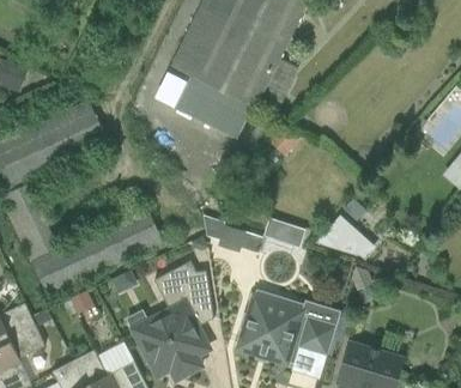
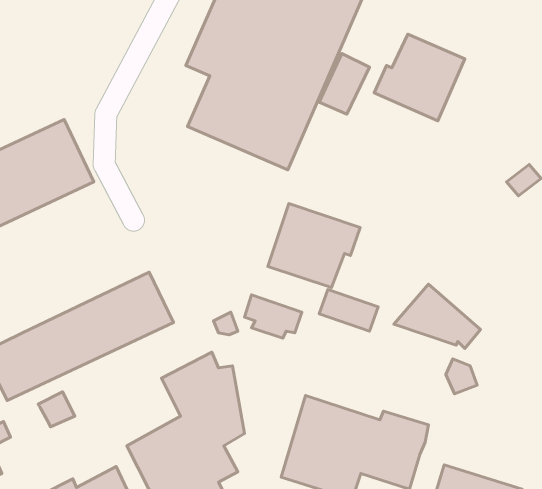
building: none -> [374,34,465,121]
building: none -> [268,204,360,288]

